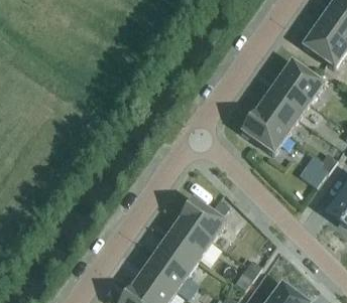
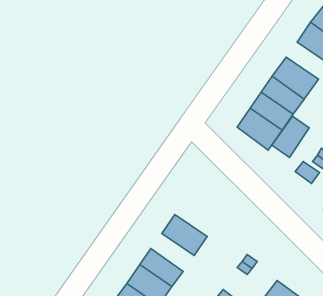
building: none -> [272,116,309,157]
building: [180,198,226,240] -> none
building: [155,237,199,275] -> none

